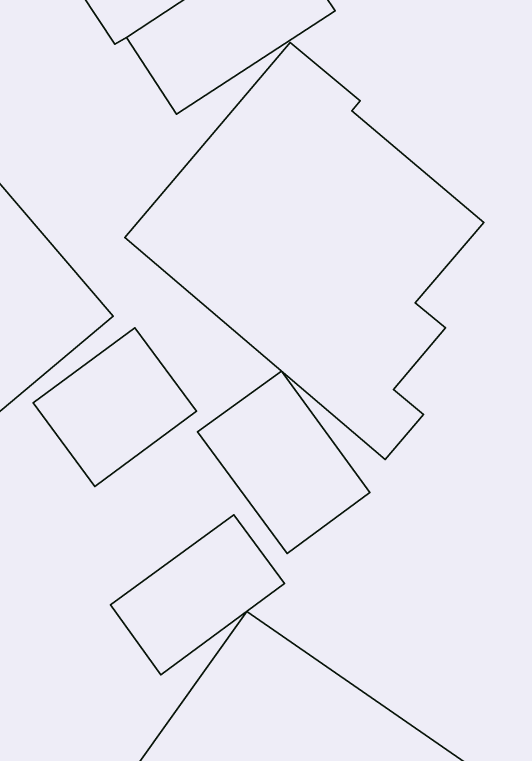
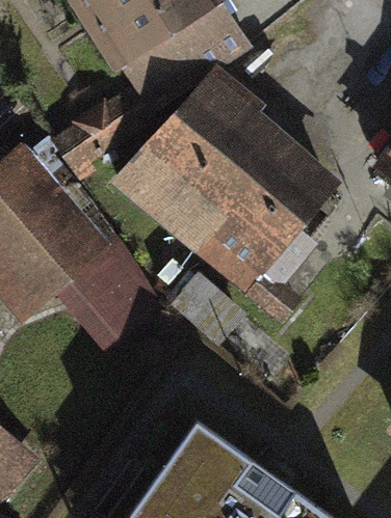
building: [198,371,370,553] -> none
building: [110,515,285,675] -> none

